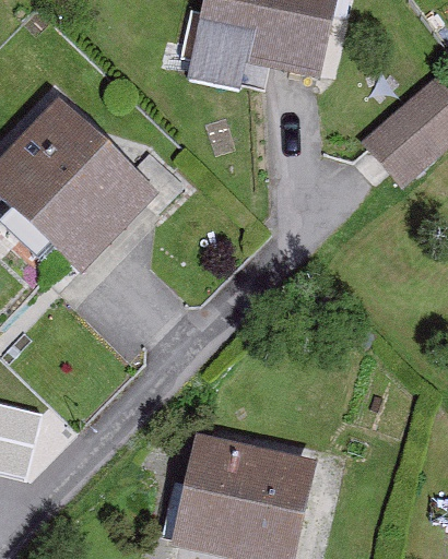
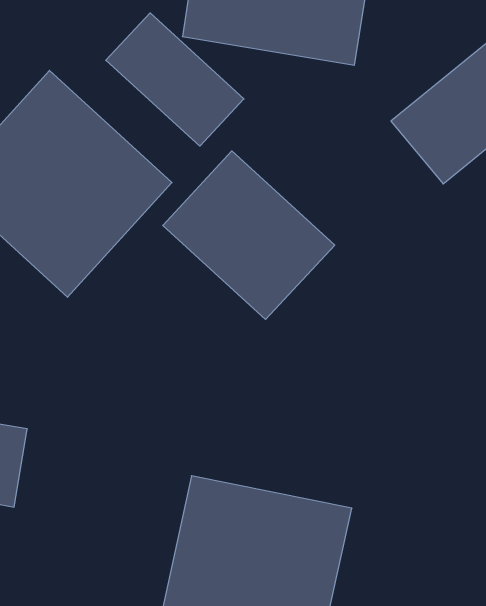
building: none -> [106,13,244,146]
building: none -> [163,151,335,319]

